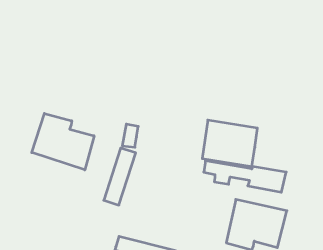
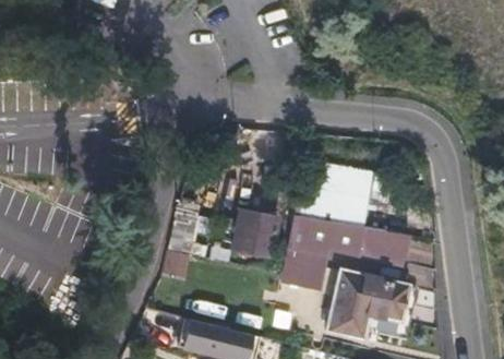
building: [32,113,94,170] -> none
building: none -> [236,210,279,259]
building: none -> [281,247,326,288]

